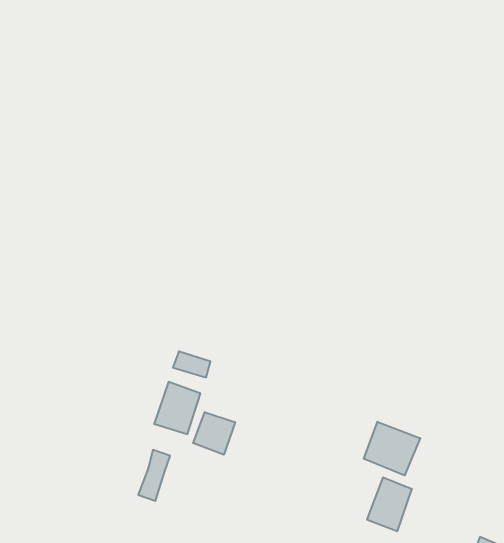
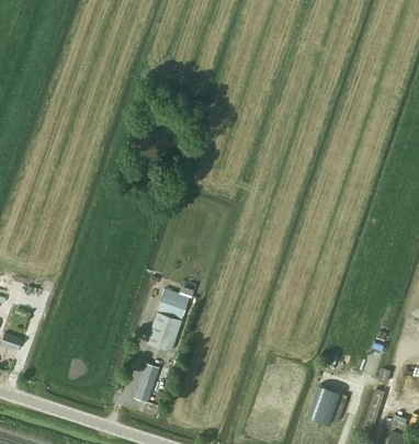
building: [193,412,235,455] -> none
building: [364,422,420,475] -> none

